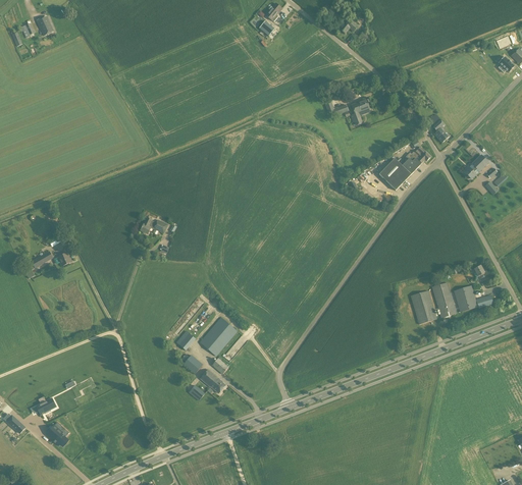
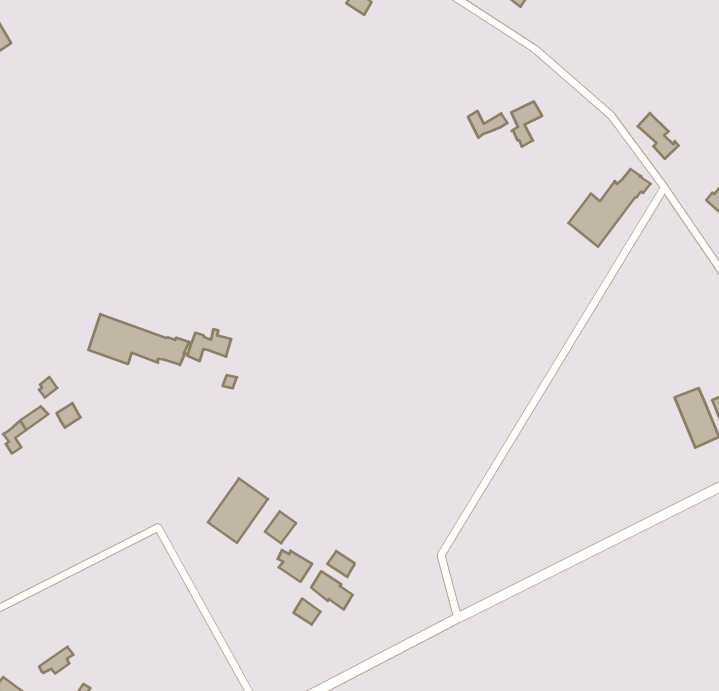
building: none -> [88,314,189,365]
building: [410,290,435,324] -> none
building: [199,317,237,356] -> [208,478,268,543]

